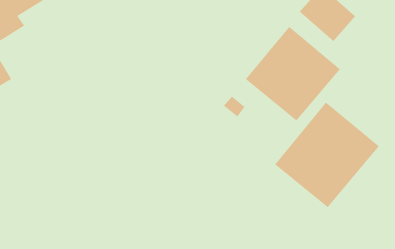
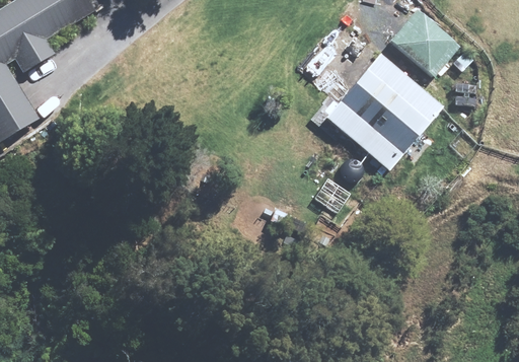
building: [274,101,380,208] -> none

